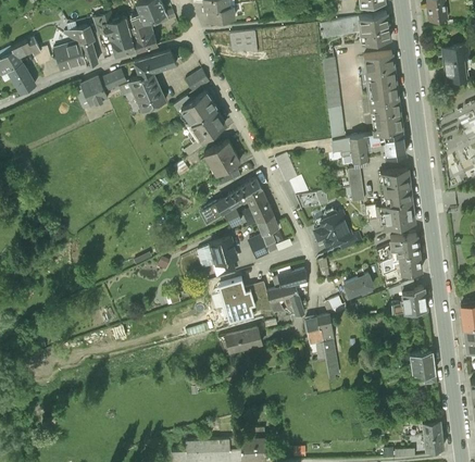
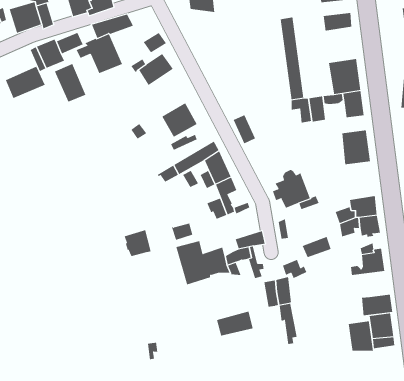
building: [365,65,397,101] -> none
building: none -> [54,63,86,102]
building: none -> [5,66,45,99]
building: [182,108,224,145] -> none
building: [347,158,367,200] -> none
building: [366,199,414,224] -> none
building: [209,237,236,264] -> [124,230,151,257]
building: [224,327,261,352] -> [216,311,254,336]
building: none -> [362,294,393,316]
building: none -> [348,321,374,351]

